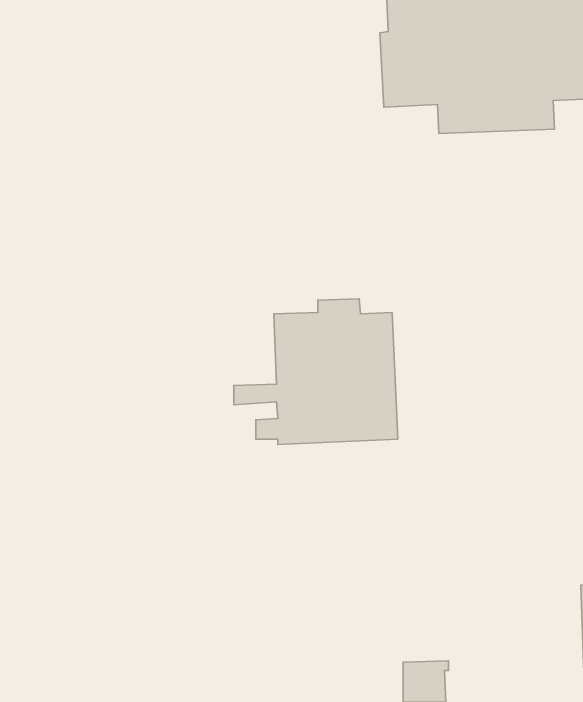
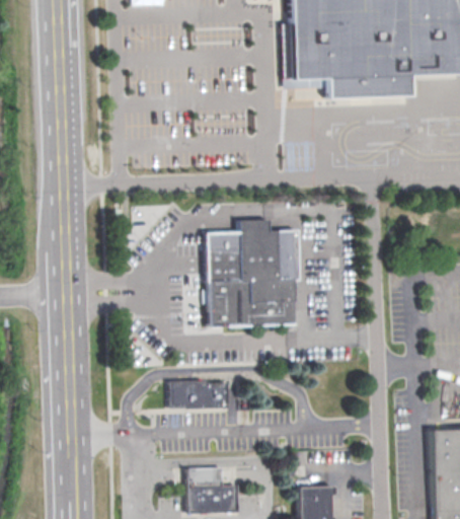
building: none -> [169,382,230,407]
building: none -> [186,465,239,512]

